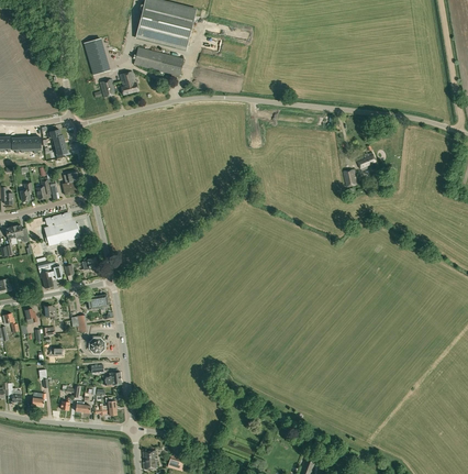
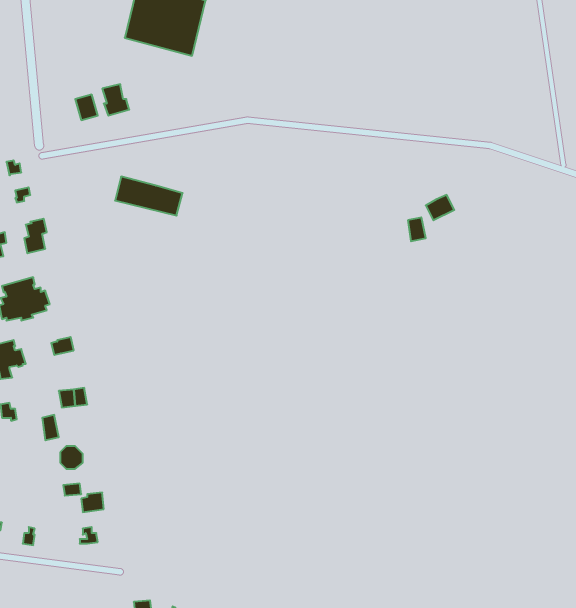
building: [83,38,109,75] -> none
building: [134,47,183,76] -> [115,177,183,216]

